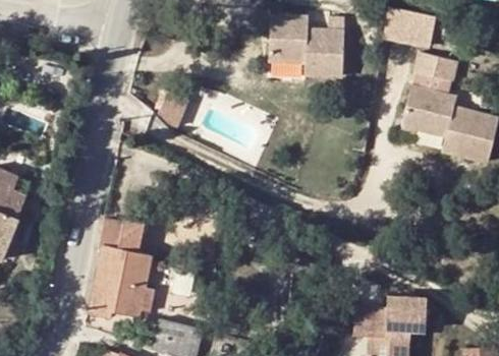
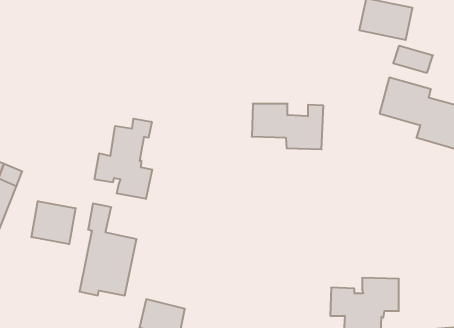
building: [262,28,337,76] -> [252,104,323,149]
building: none -> [95,119,152,199]
building: none -> [31,201,76,244]

